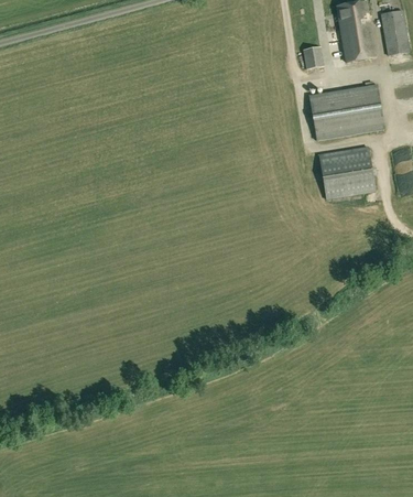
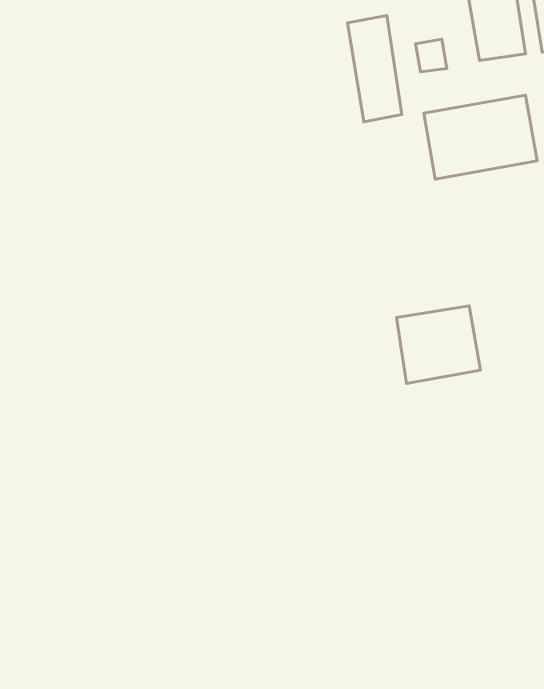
building: none -> [347,15,402,122]
building: [319,147,376,198] -> [397,306,481,383]

